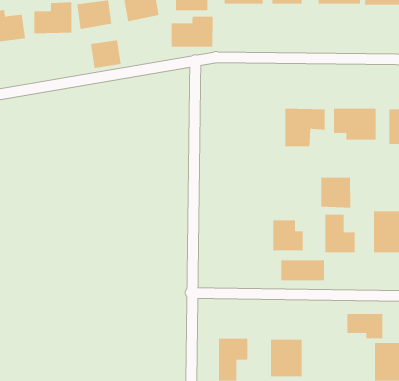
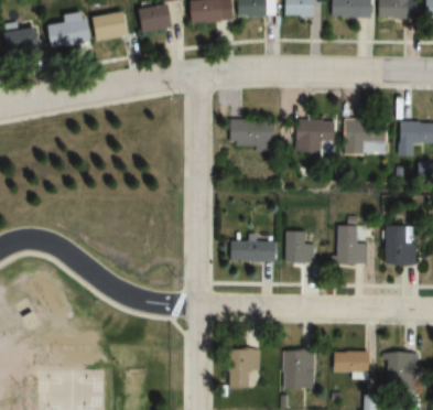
building: [171,16,213,48] -> none
building: [91,39,121,69] -> none
building: none -> [231,120,278,151]
building: [321,177,351,209] -> none
building: [281,260,325,281] -> [229,241,273,262]
building: [347,314,383,339] -> [333,353,369,378]

